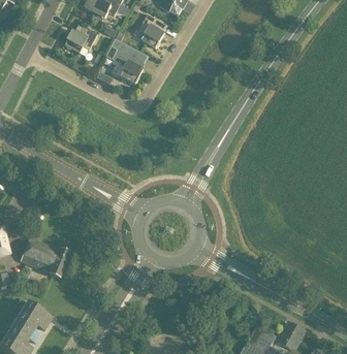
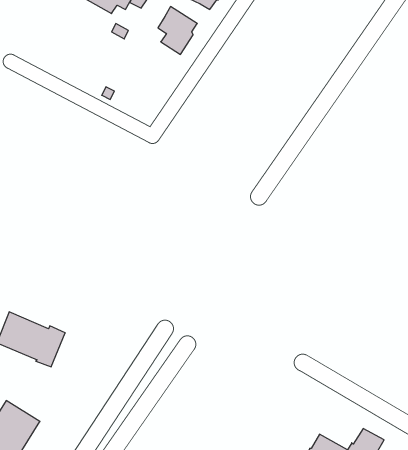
building: [65,25,97,54] -> none
building: [106,39,148,86] -> none

